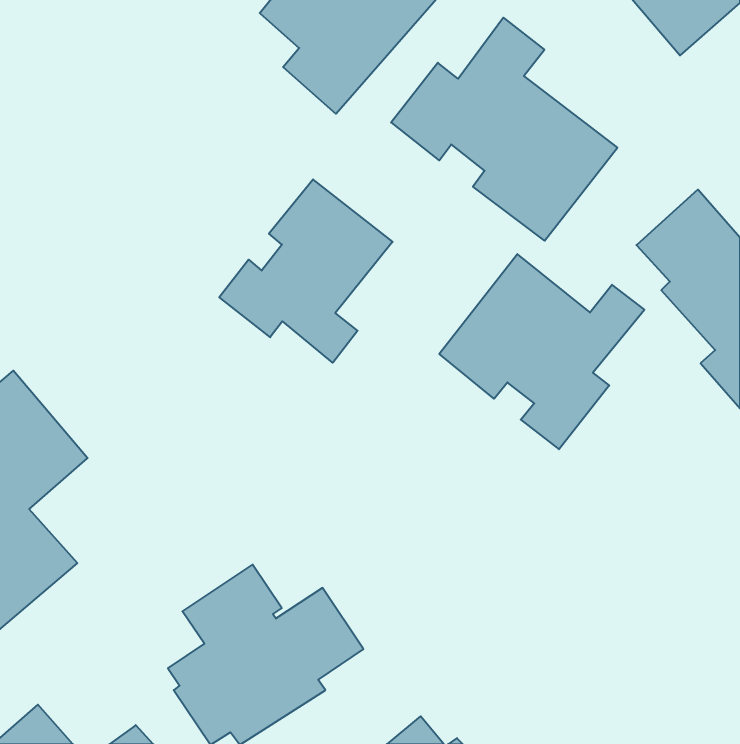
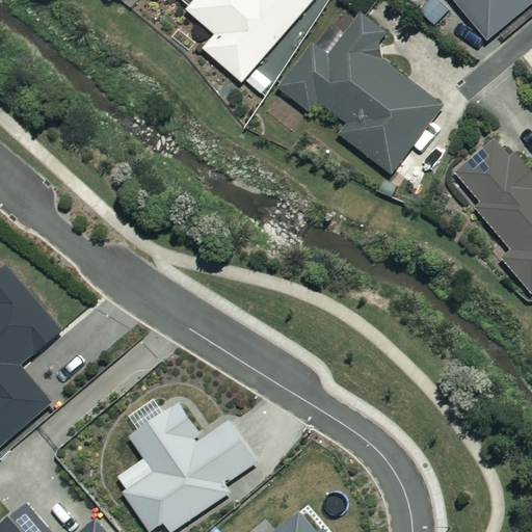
building: [219,179,393,363] -> none
building: [439,254,644,449] -> none

